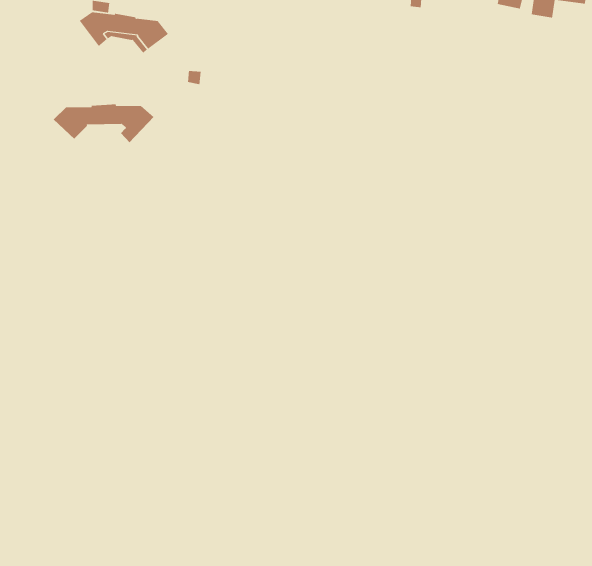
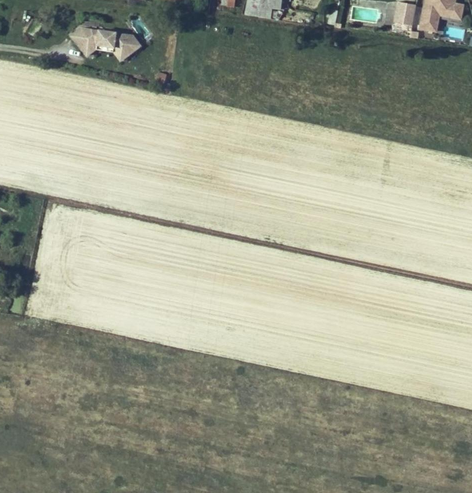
building: [53,104,154,143] -> none

